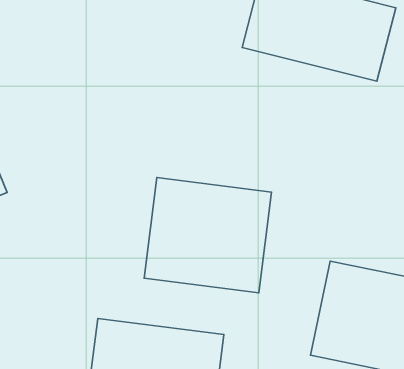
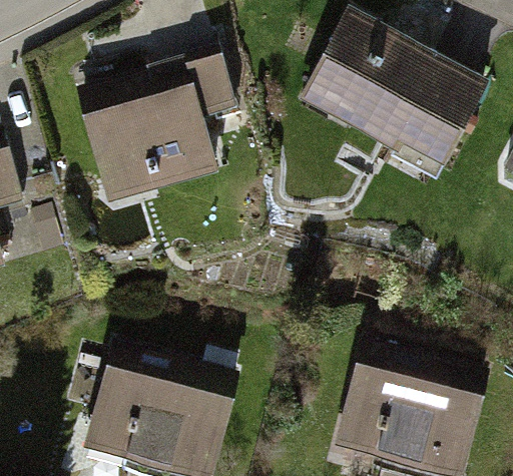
building: none -> [92,58,250,206]
building: [144,177,272,293] -> none

